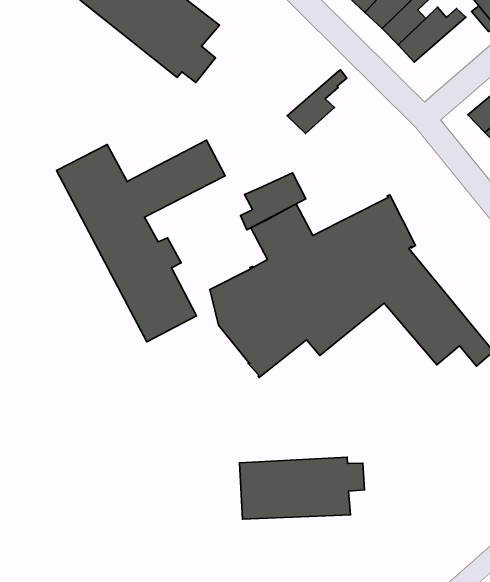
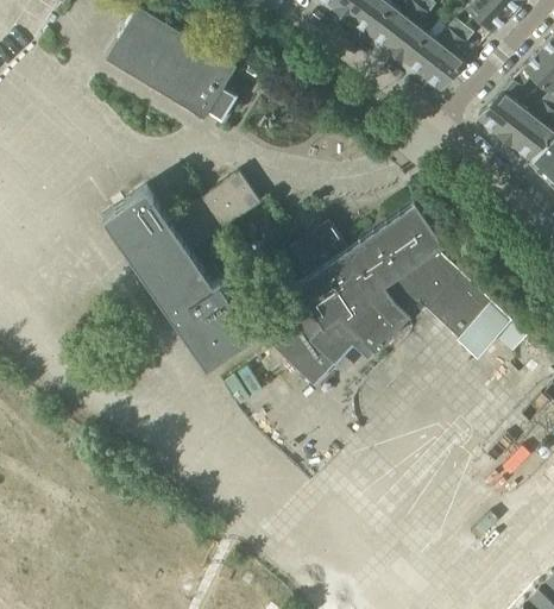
building: [287,70,347,133] -> [421,29,472,92]
building: [241,173,306,230] -> none
building: [239,457,364,519] -> none

